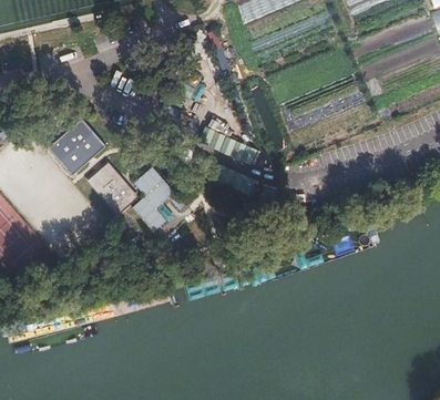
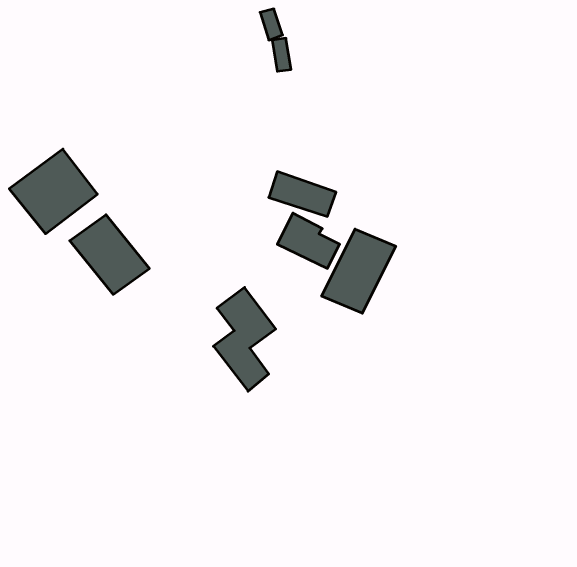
building: [133,167,173,234] -> [213,287,276,391]
building: none -> [322,229,396,313]

